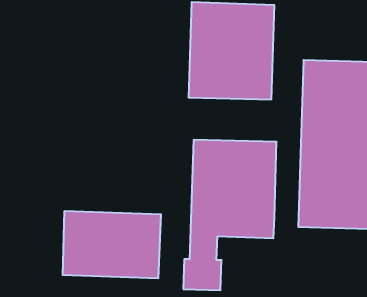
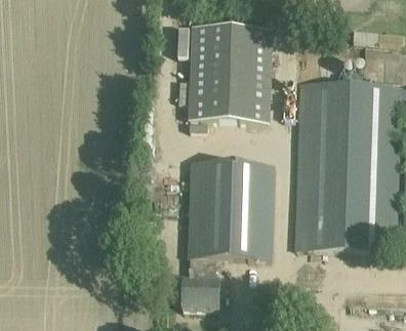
building: [63,211,161,278] -> none

